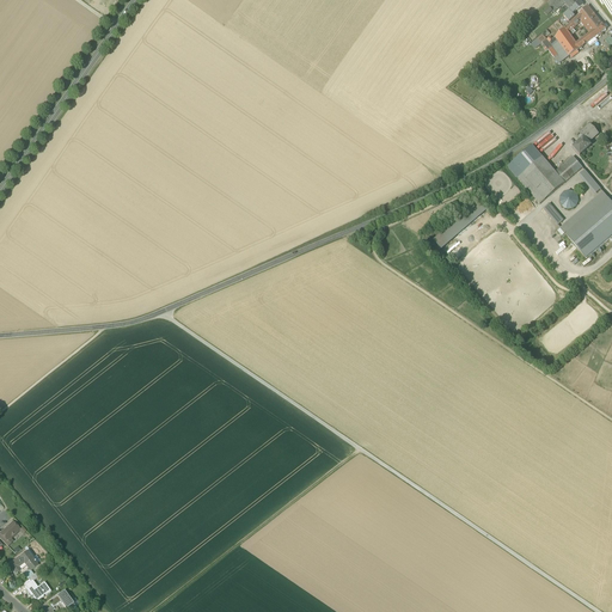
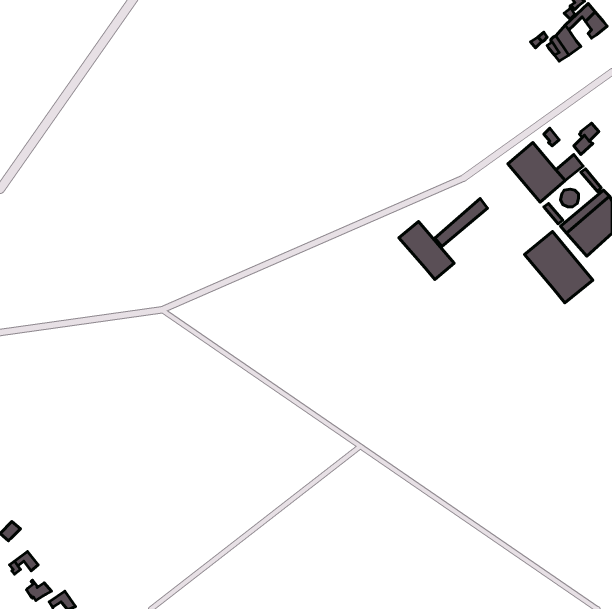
building: none -> [399,221,454,280]
building: none -> [524,232,593,303]

